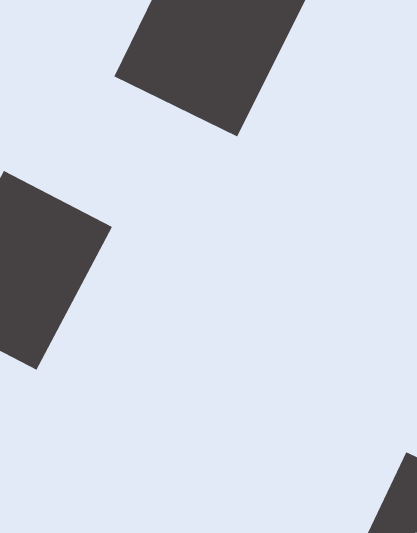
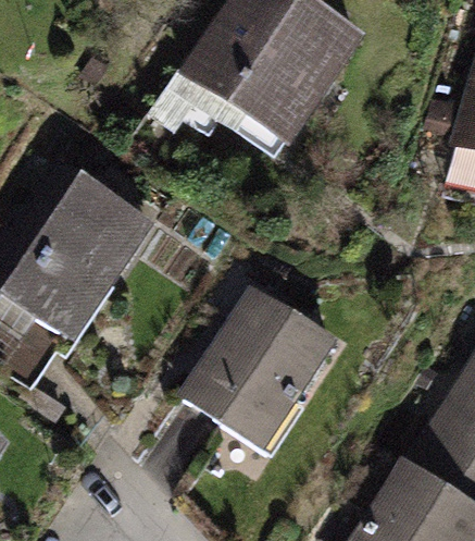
building: none -> [177,284,345,457]

